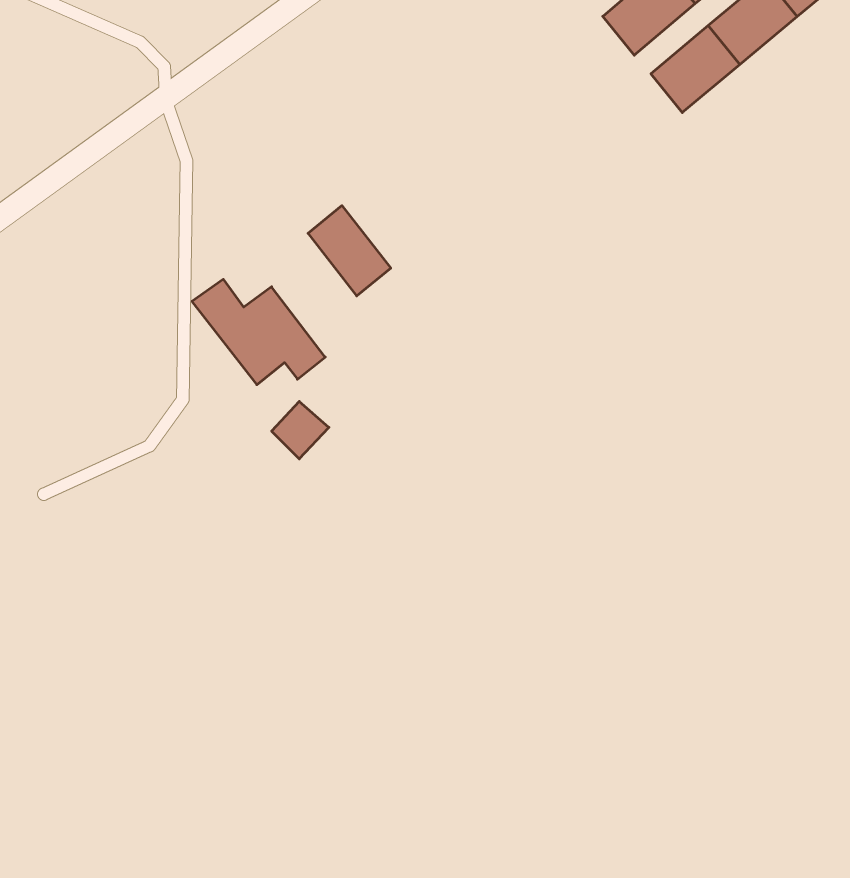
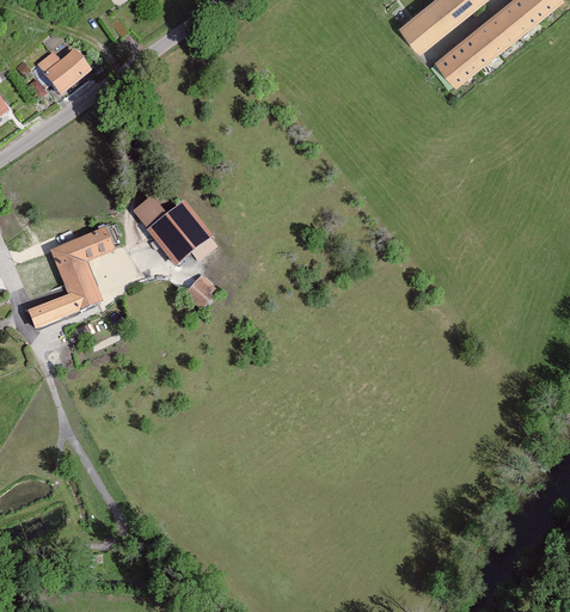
building: none -> [36,51,93,99]
building: [308,206,391,296] -> none
building: none -> [33,226,114,328]

